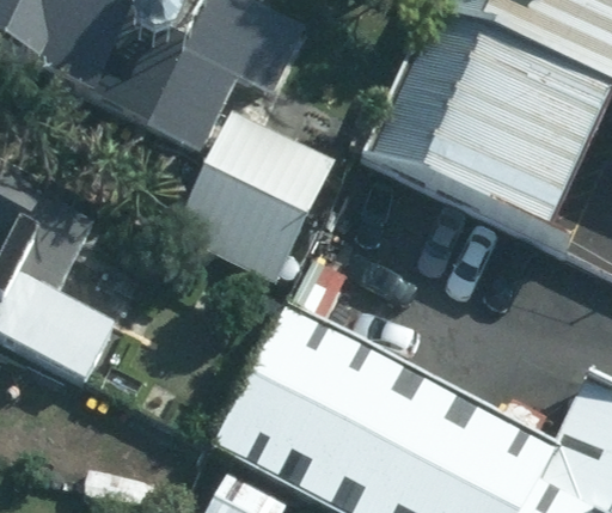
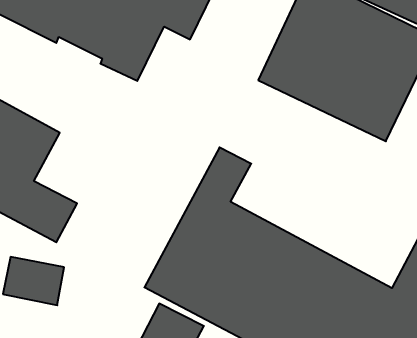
building: [172,111,335,282] -> none

